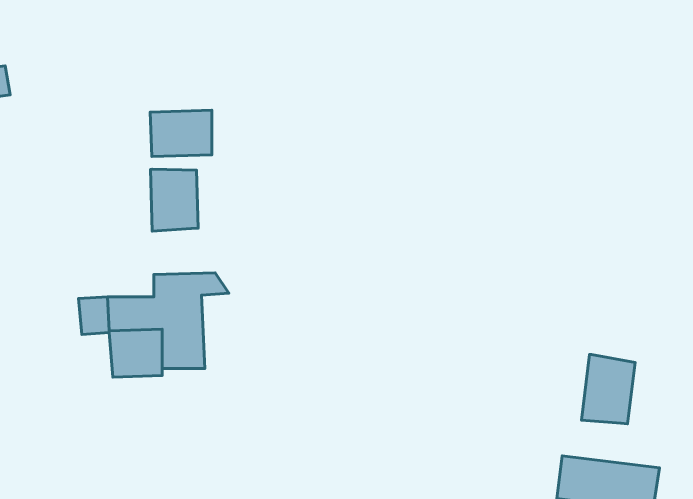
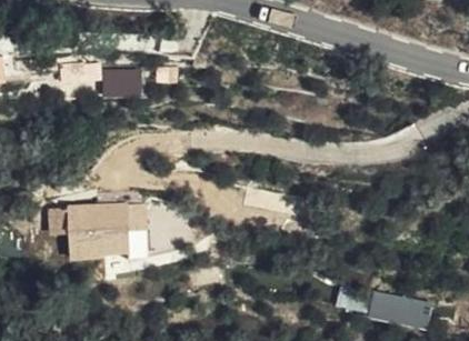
building: [150,169,198,231] -> none
building: [582,354,635,424] -> none

